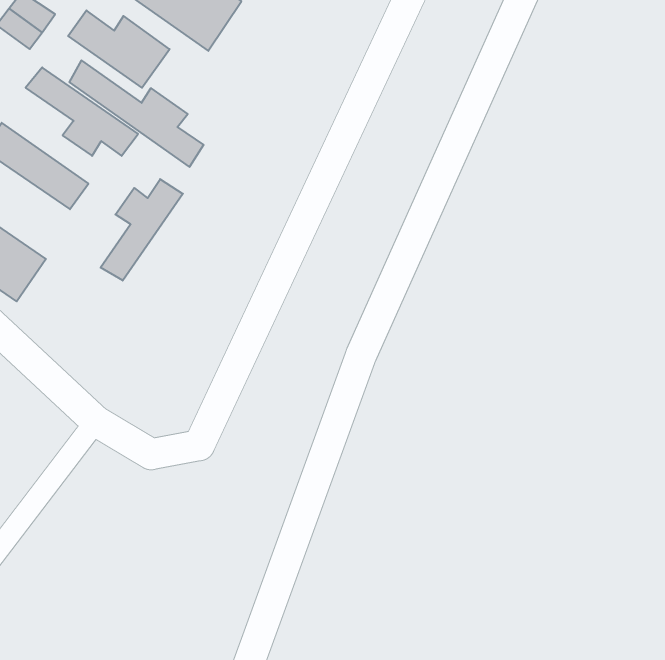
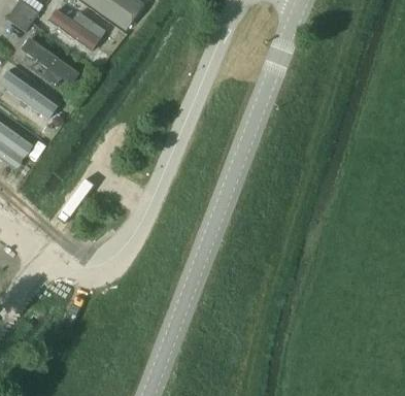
building: [69,60,204,167] -> none
building: [101,179,183,281] -> none

